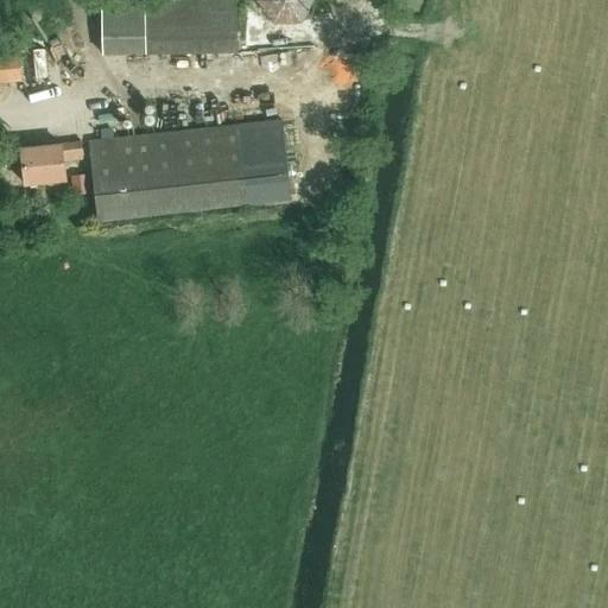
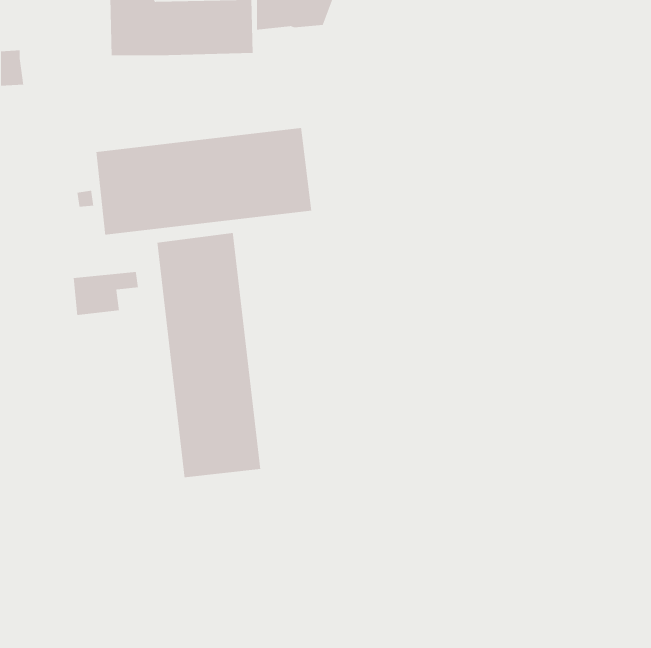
building: [20,142,82,184] -> [73,271,139,316]
building: none -> [156,232,261,478]

